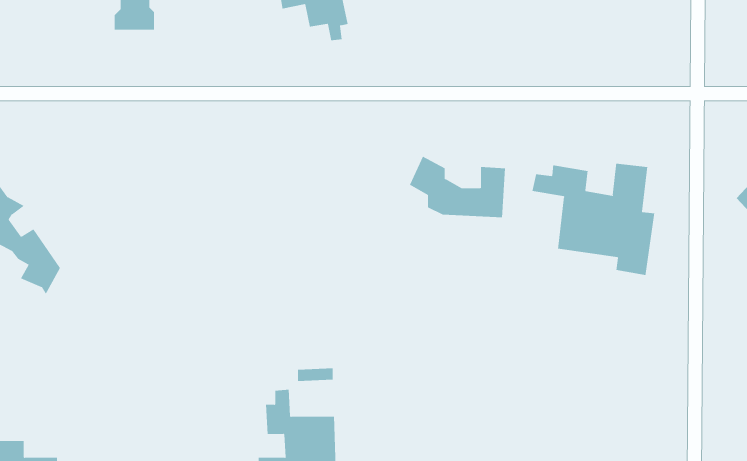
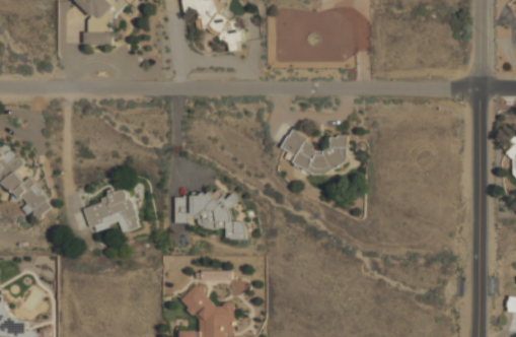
building: [532,163,655,276] -> none
building: none -> [85,189,138,232]
building: none -> [174,194,243,240]

